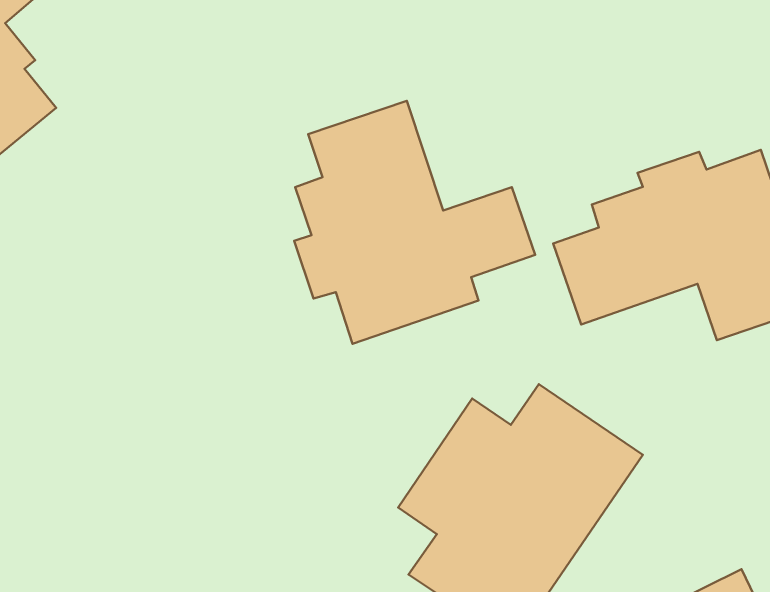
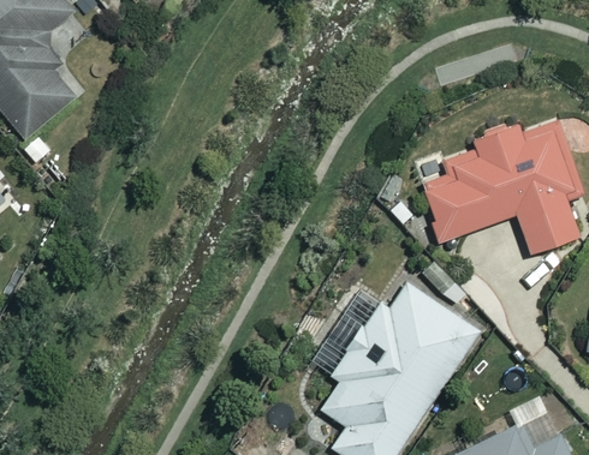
building: [294,101,535,344] -> none

